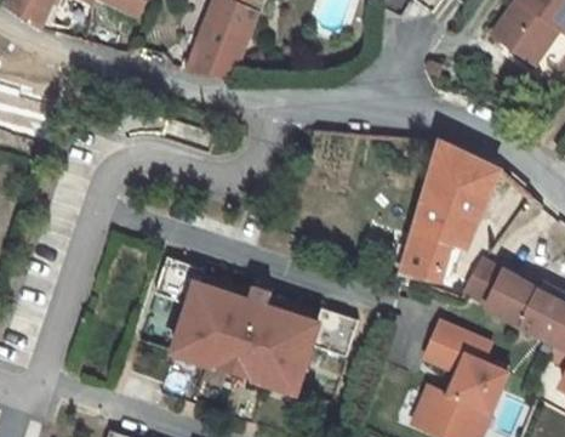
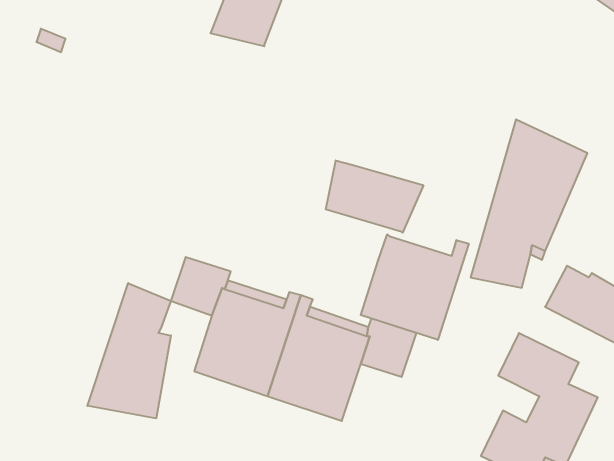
building: none -> [326,160,423,233]
building: none -> [361,234,469,340]
building: none -> [87,283,171,418]

